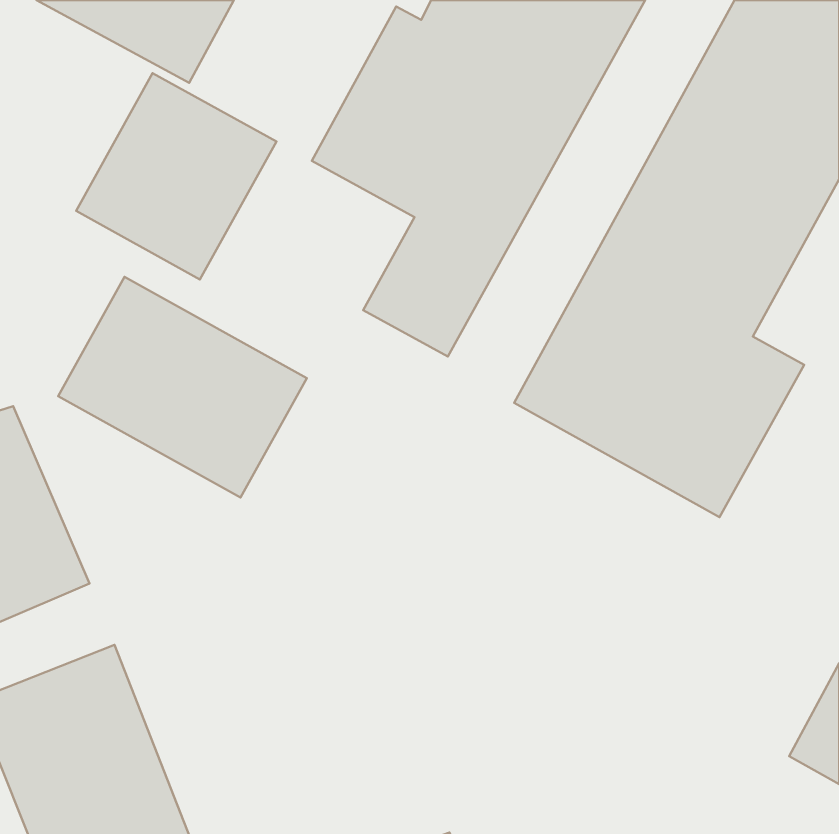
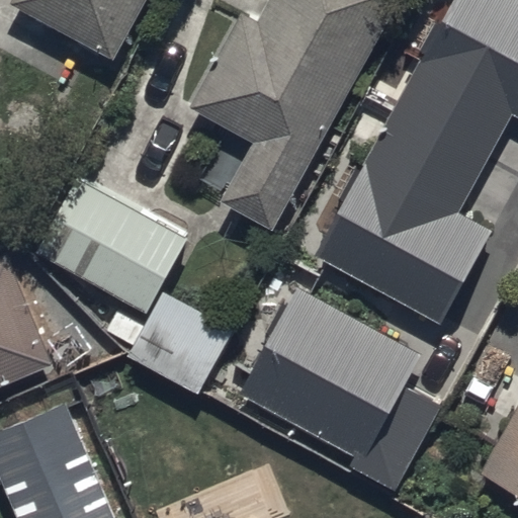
building: [76,73,276,279] -> none
building: none -> [241,288,438,492]
building: none -> [130,290,234,391]

